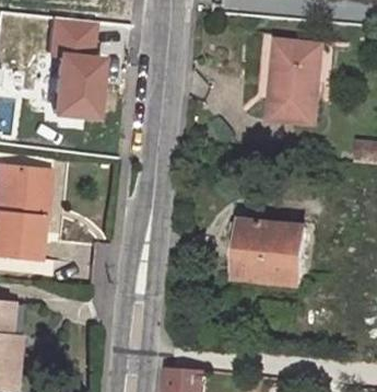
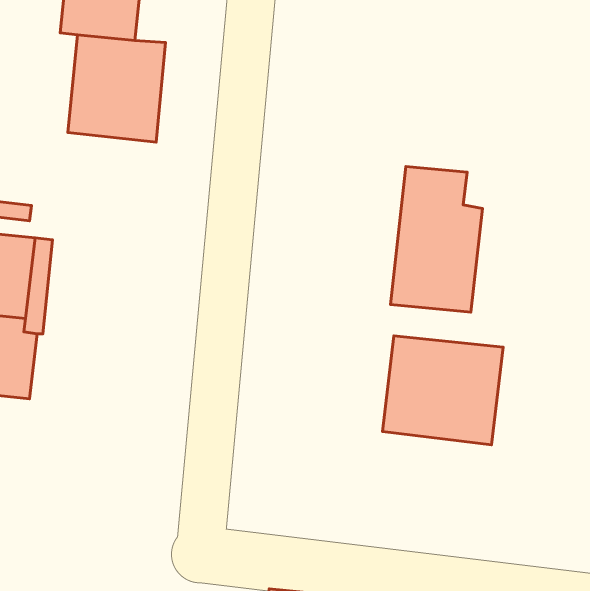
building: [272,39,325,123] -> [390,166,482,312]

